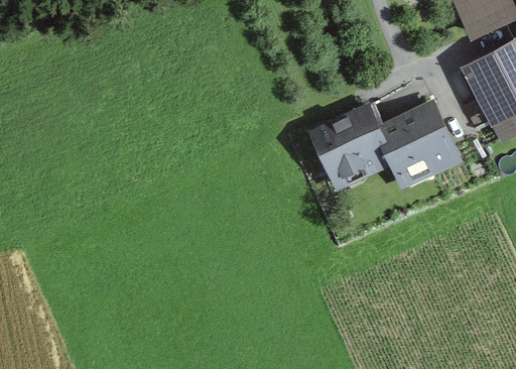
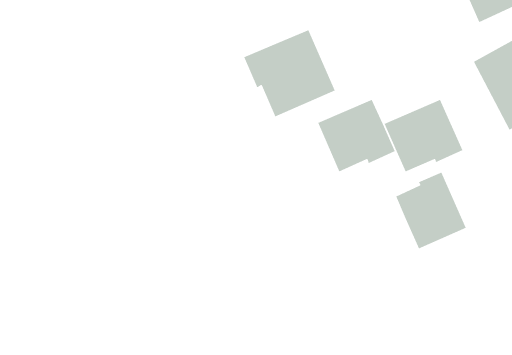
building: none -> [243,29,336,117]
building: none -> [395,171,467,249]

